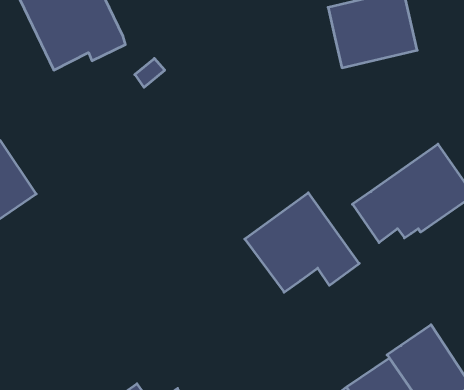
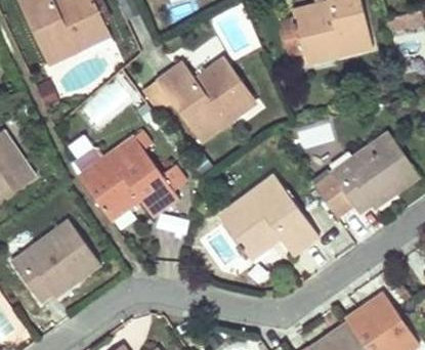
building: none -> [154,55,256,143]
building: none -> [77,134,185,222]
building: none -> [9,217,100,300]

